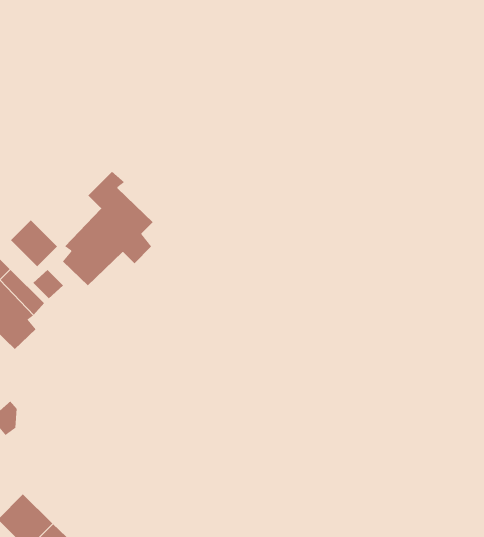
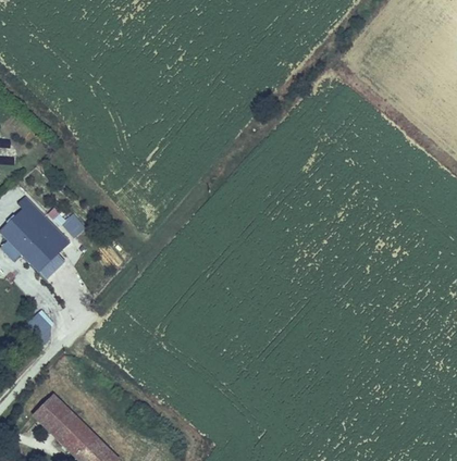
building: [62,171,154,286] -> none
building: [10,219,58,267] -> none

